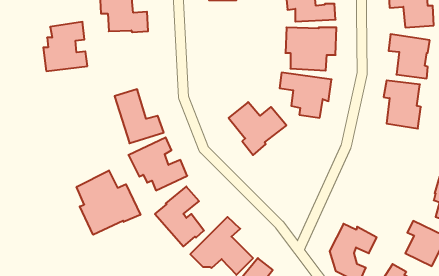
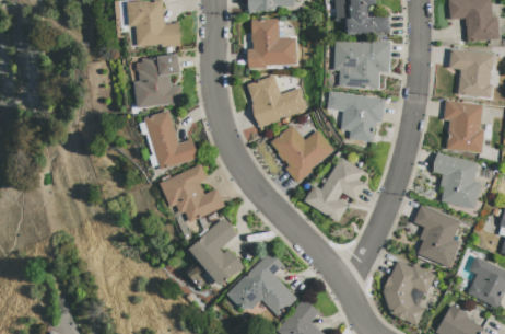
building: none -> [247,18,296,68]
building: [43,22,87,71] -> [133,53,183,107]
building: none -> [247,74,307,126]
building: none -> [433,152,481,208]
building: none -> [304,157,365,221]
building: [77,170,140,235] -> none
building: none -> [413,205,460,266]

